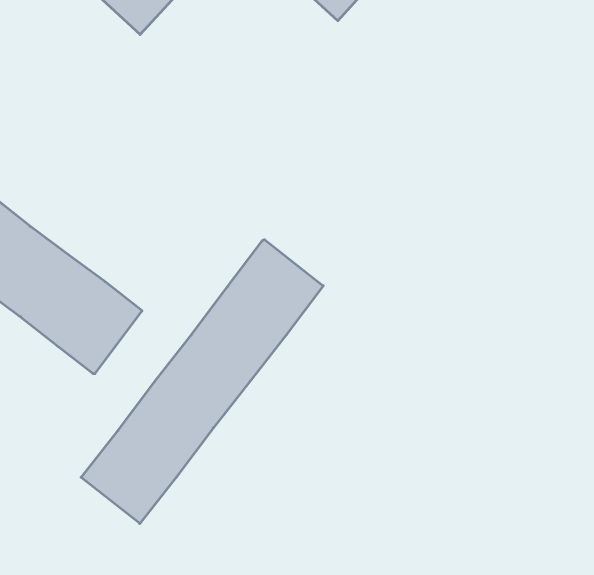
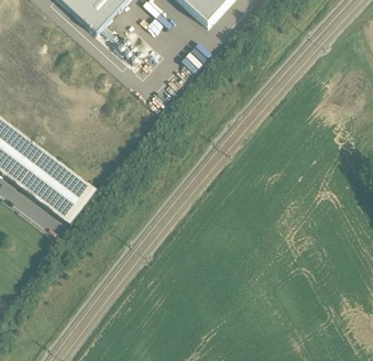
building: [81,240,323,524] -> none

